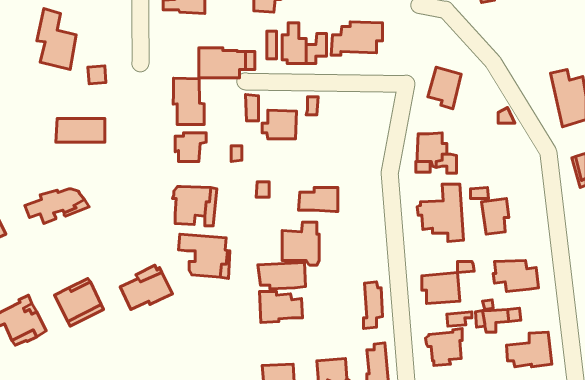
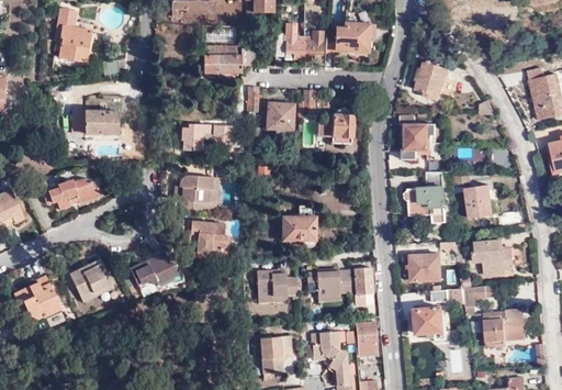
building: [173,78,204,125] -> none
building: [299,188,338,211] -> [316,114,352,136]
building: [258,263,306,289] -> [310,270,353,294]

